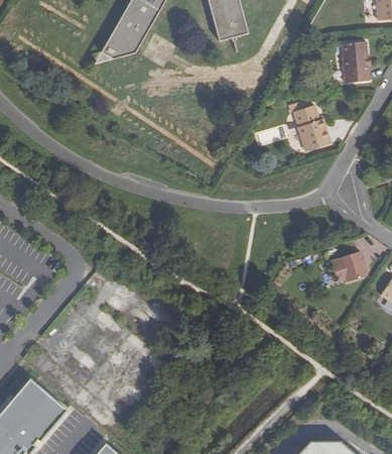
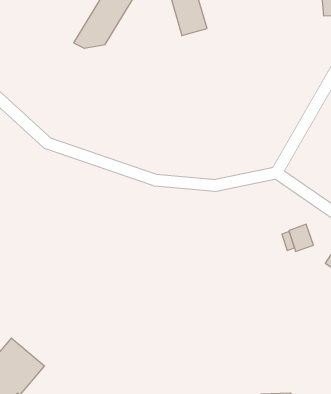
building: [343,41,371,83] -> none
building: [294,105,331,151] -> none

